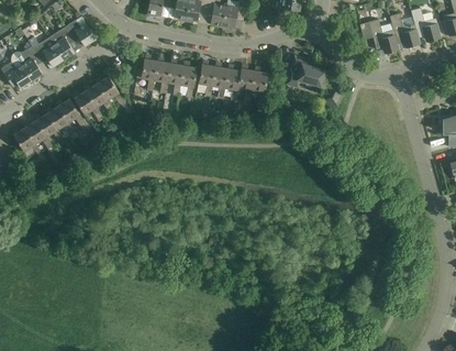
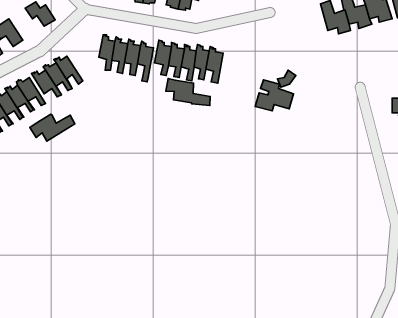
building: [48,26,74,59] -> none
building: [286,56,325,88] -> [255,80,294,111]
building: none -> [166,79,210,106]
building: none -> [30,114,75,141]

